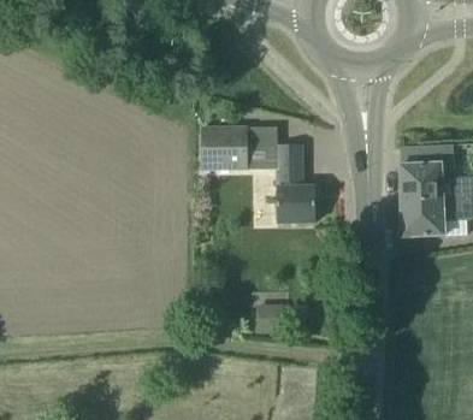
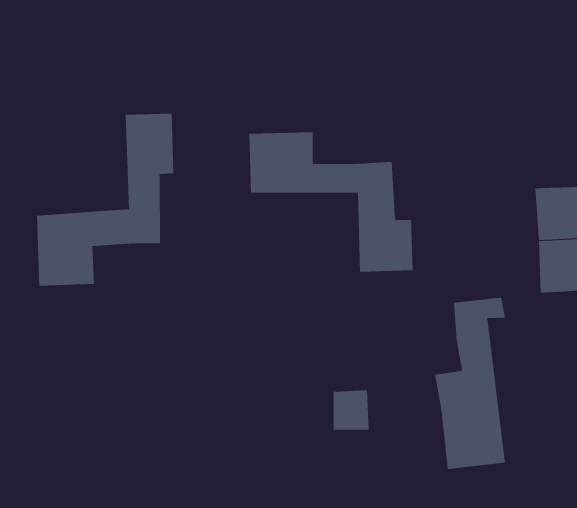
building: none -> [37,113,174,286]
building: none -> [435,297,505,470]

